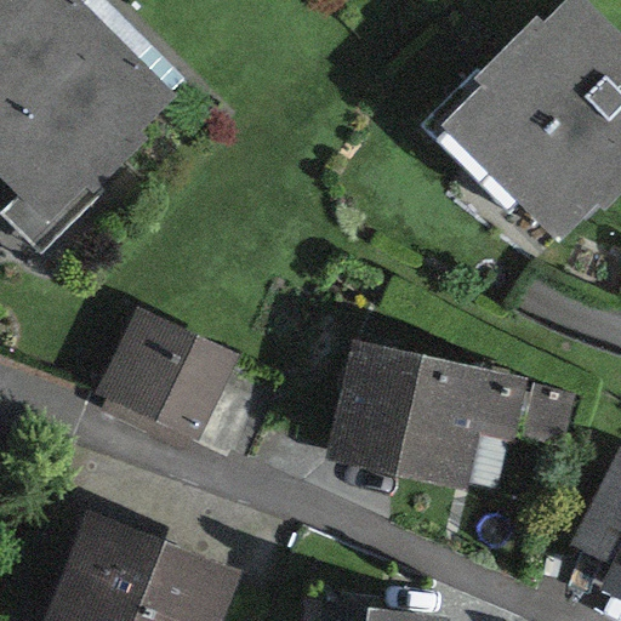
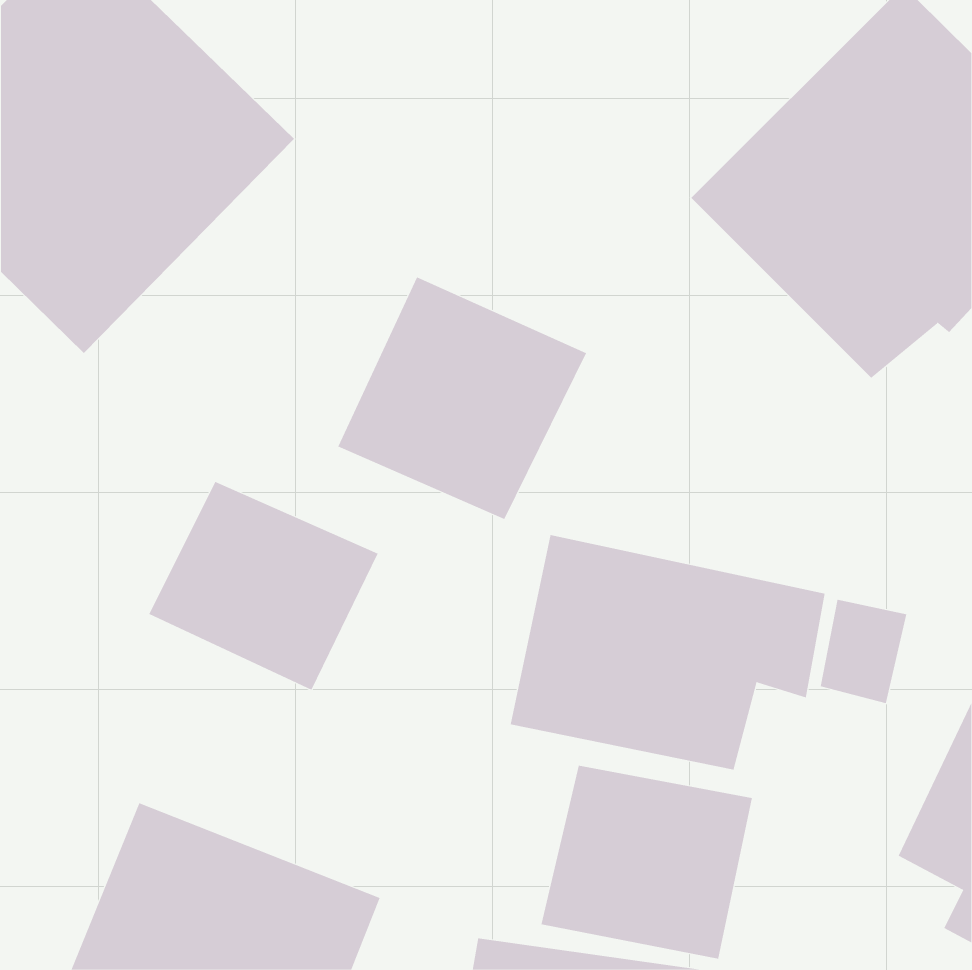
building: none -> [338,277,587,520]
building: none -> [541,765,753,960]

